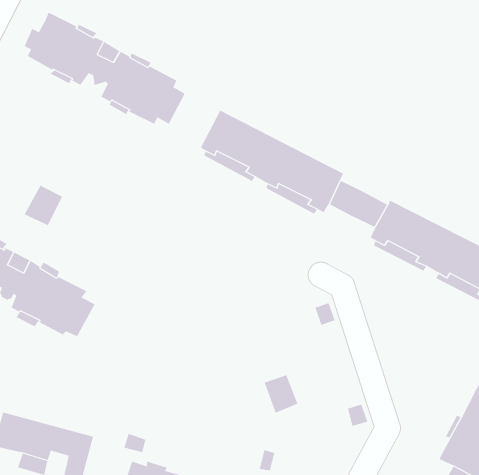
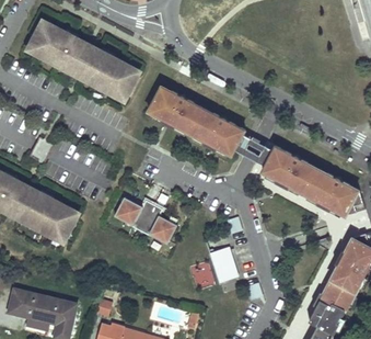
building: none -> [113,200,174,244]
building: none -> [208,249,234,280]

